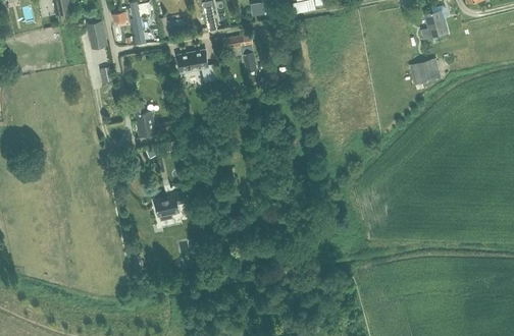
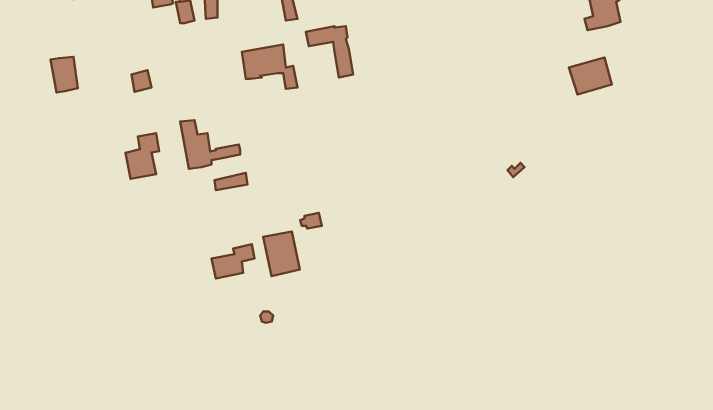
building: [87,22,106,48] -> [51,57,78,92]
building: none -> [126,133,159,179]
building: none -> [263,232,300,276]

